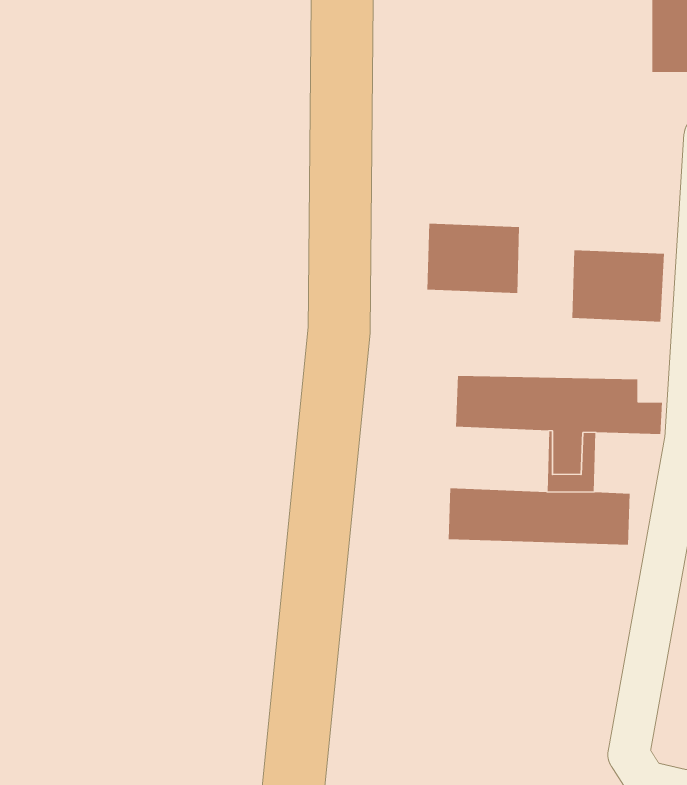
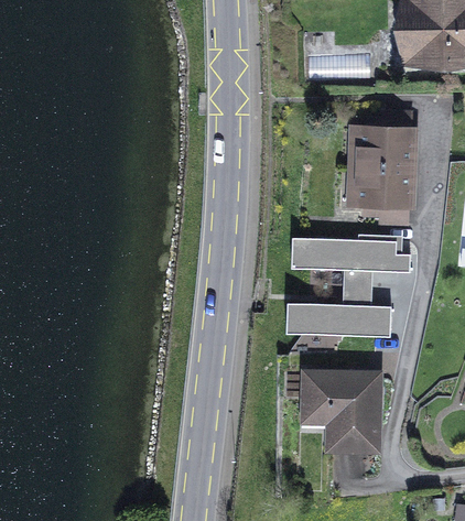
building: [427,223,520,294] -> [358,127,412,167]
building: none -> [305,373,378,449]

